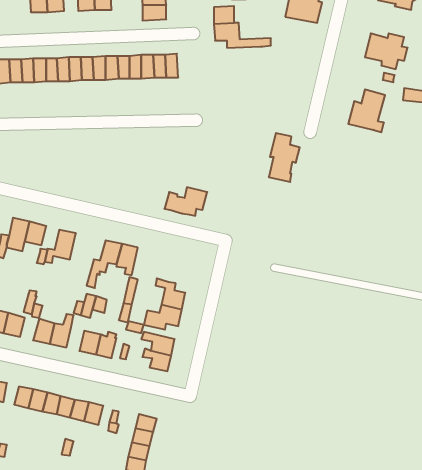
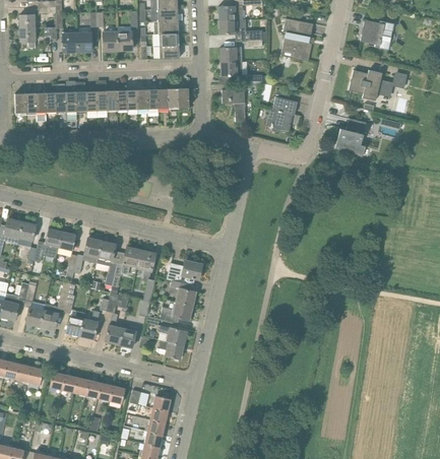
building: none -> [222,89,245,122]
building: [269,133,300,182] -> [270,89,297,131]
building: [164,187,207,216] -> [166,260,202,284]
building: none -> [97,241,117,285]

